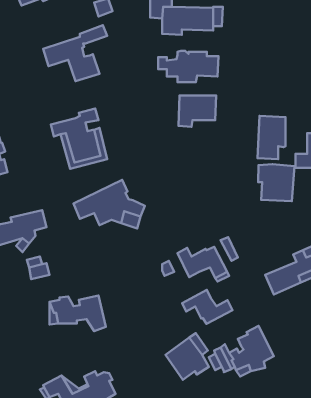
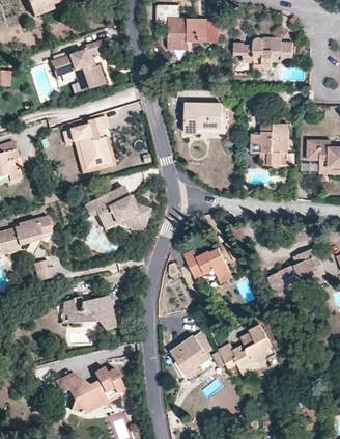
building: [158,51,219,82] -> [234,36,292,66]
building: [258,164,294,201] -> none
building: [182,290,232,324] -> none

